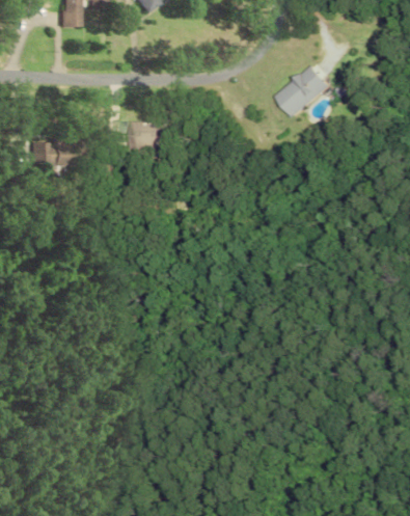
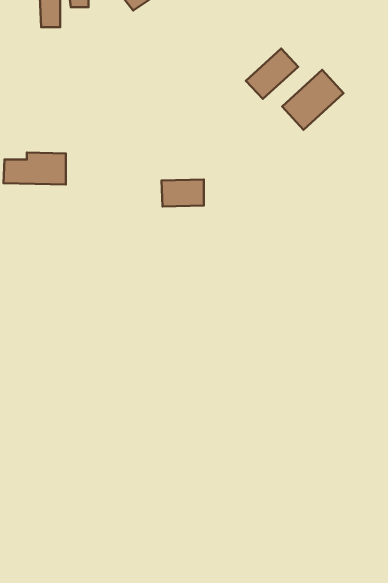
building: none -> [246,49,298,99]
building: [122,121,160,145] -> [161,179,204,207]

